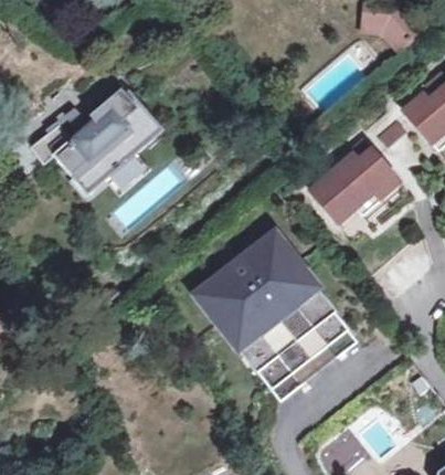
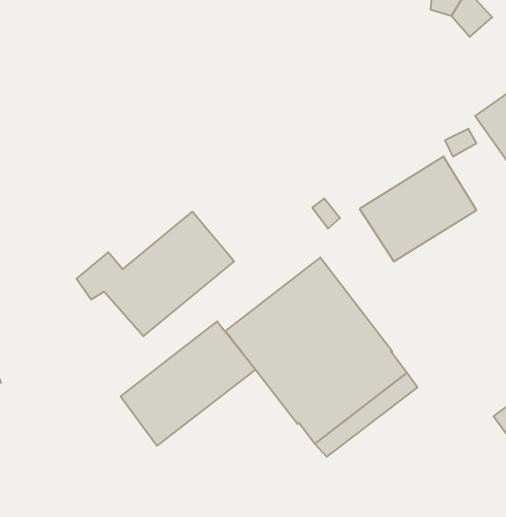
building: [29,87,161,192] -> [77,212,234,336]
building: none -> [121,321,255,446]

